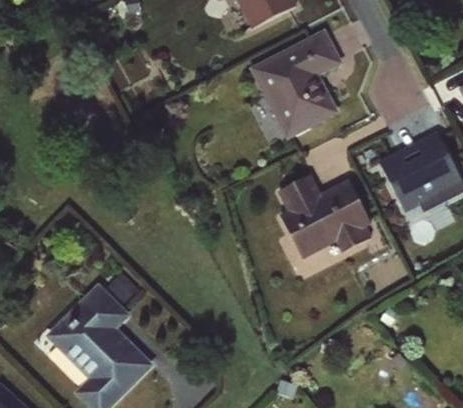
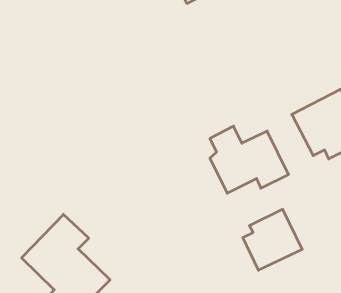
building: [248,27,343,145] -> none
building: none -> [243,209,302,270]

